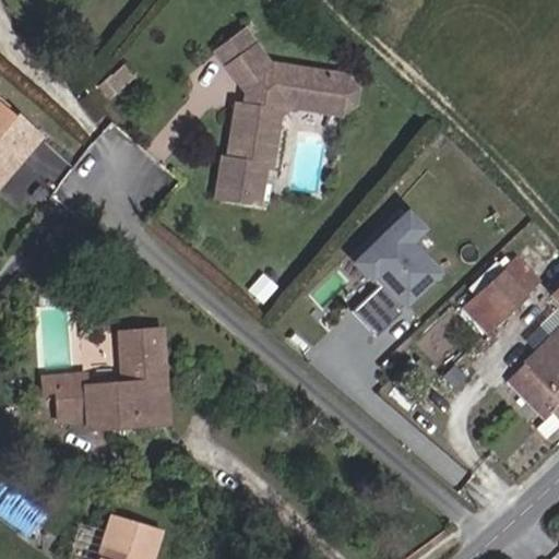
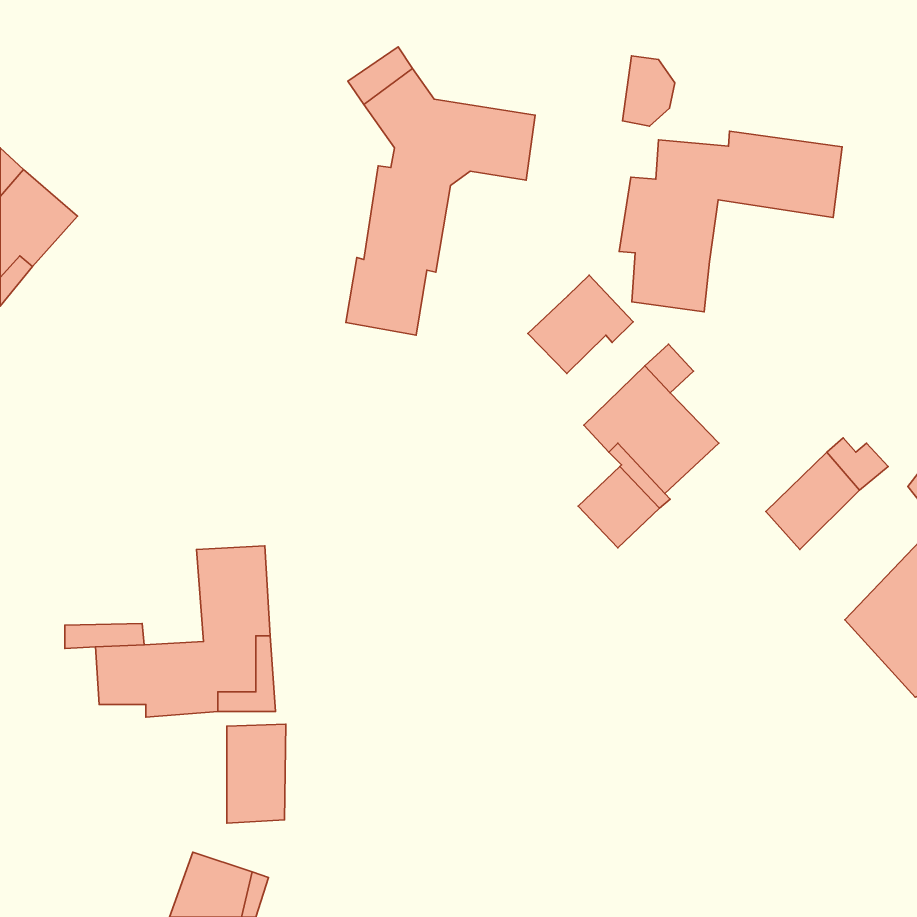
building: [321,70,353,112] -> [623,56,675,126]
building: none -> [619,131,842,312]
building: none -> [528,275,633,373]
building: none -> [227,724,286,823]

